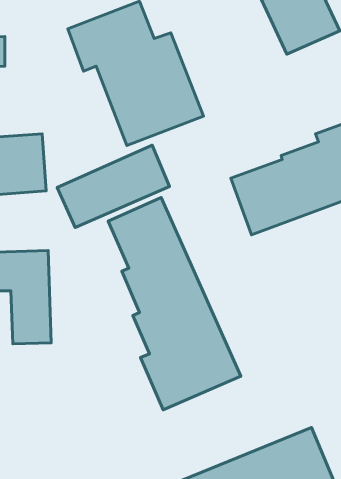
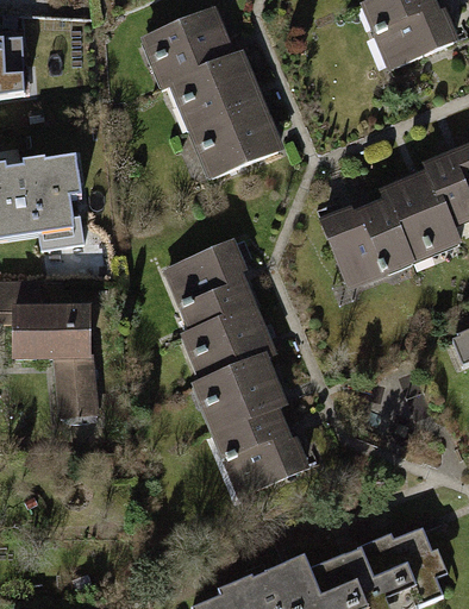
building: [57,145,170,228] -> none

